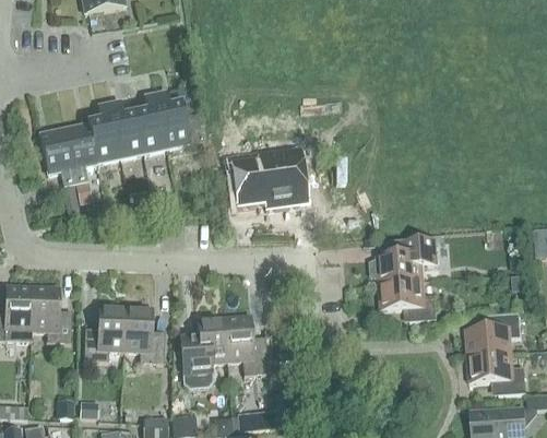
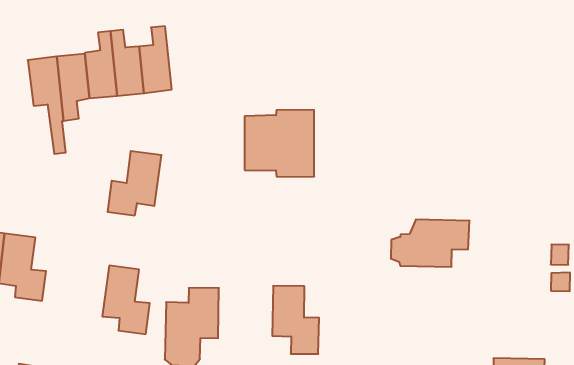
building: [156,87,203,147] -> none
building: [380,280,438,320] -> none
building: [84,305,127,360] -> [107,151,162,215]
building: [466,311,522,356] -> none
building: [224,315,269,375] -> [272,286,319,354]

